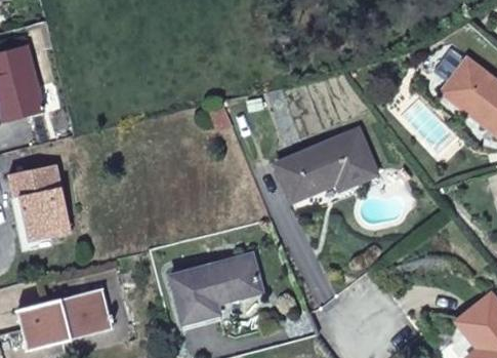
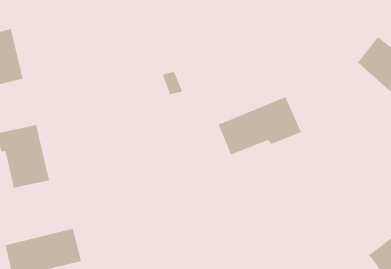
building: [170,254,260,323] -> none

